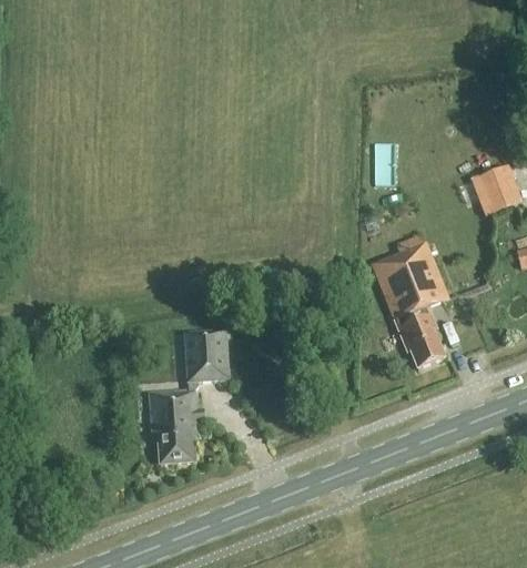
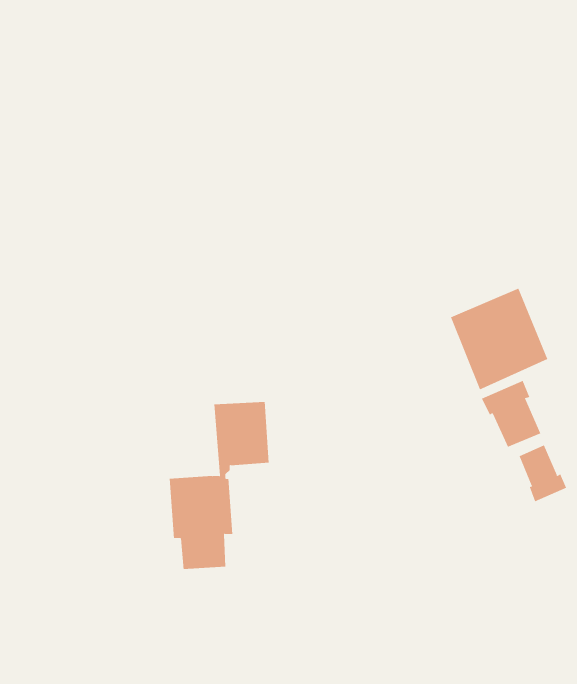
building: none -> [519,444,567,502]

